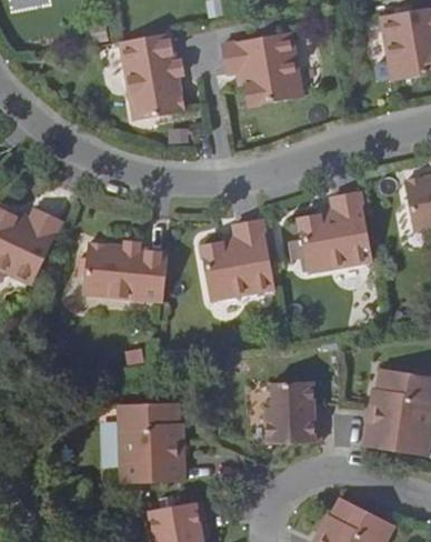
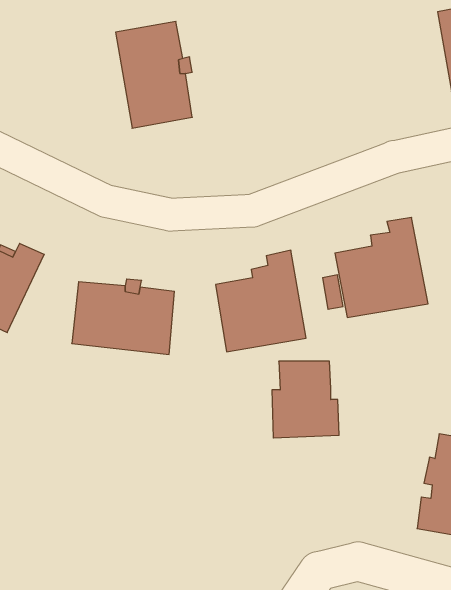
building: [223,38,304,111] -> none
building: [267,381,321,443] -> [272,361,339,438]
building: [114,402,184,486] -> none

